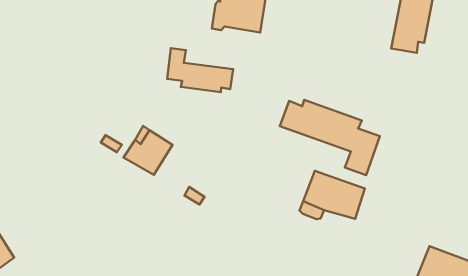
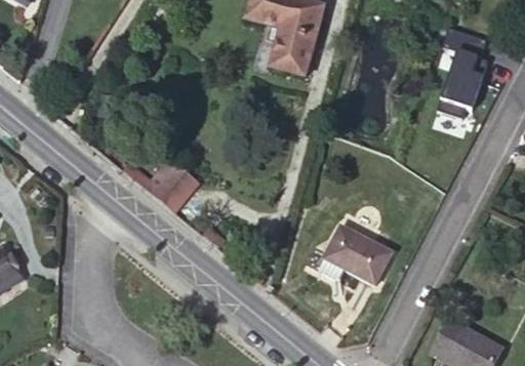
building: [167,48,233,92] -> none
building: [280,100,380,175] -> none

